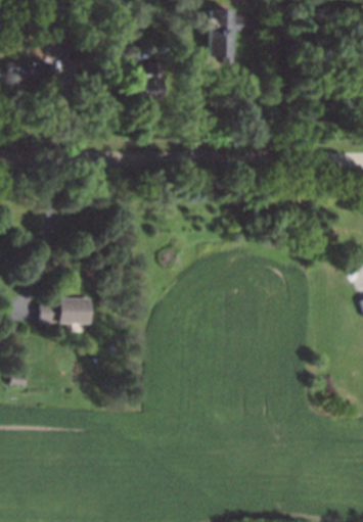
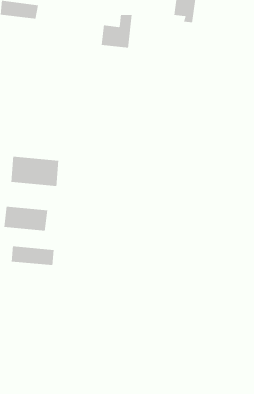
building: none -> [11,156,59,187]
building: none -> [11,246,54,266]

